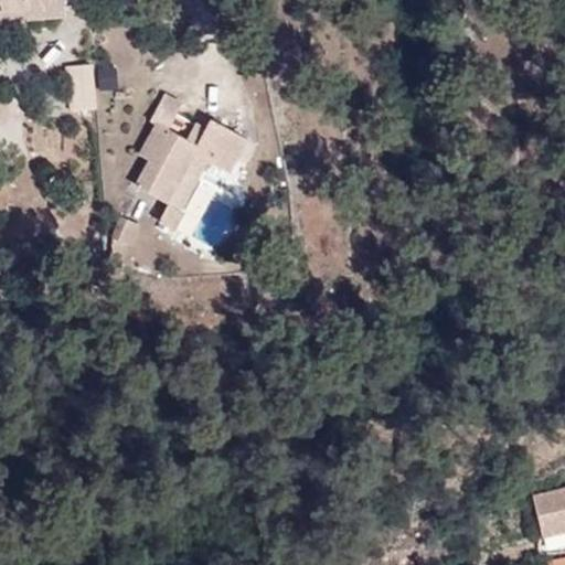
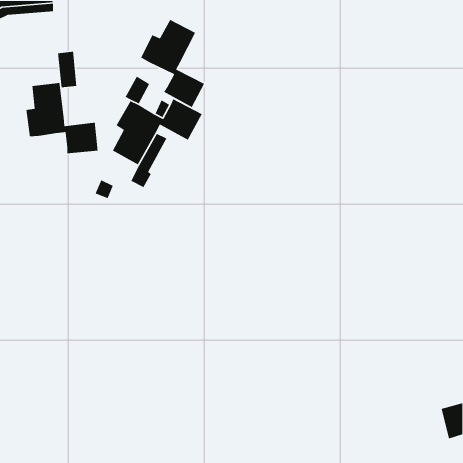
building: none -> [140,19,205,108]
building: none -> [26,82,99,154]

